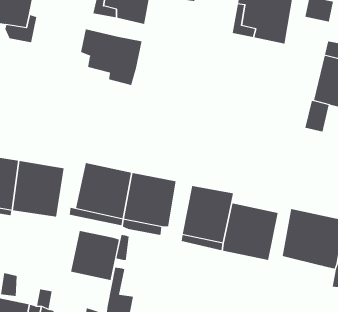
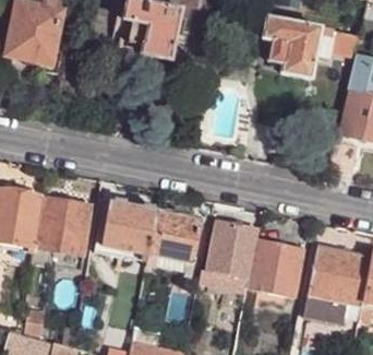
building: [81,28,142,86] -> none
building: [71,230,120,281] -> none
building: none -> [302,292,347,323]

